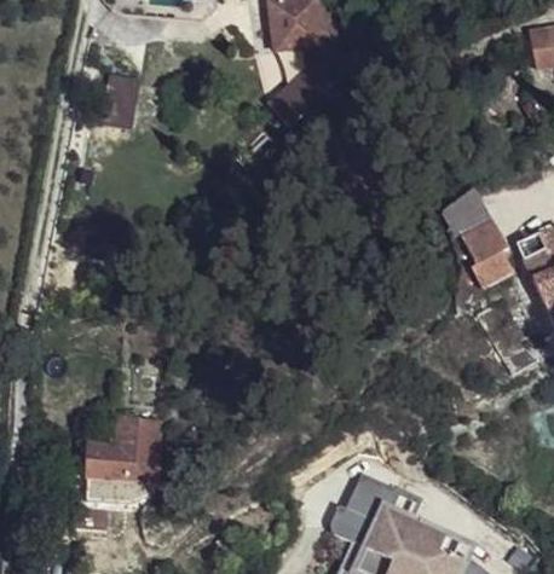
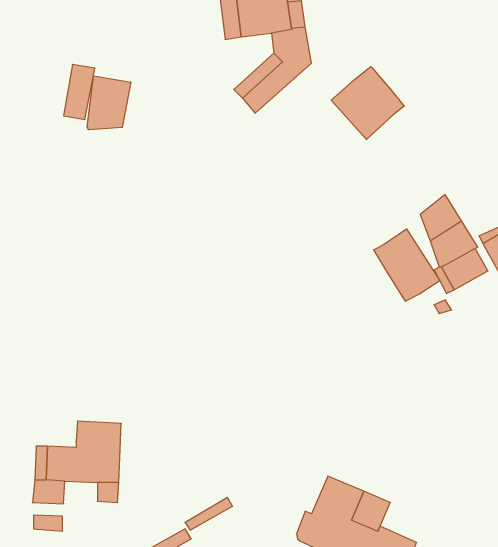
building: none -> [331,67,404,140]
building: none -> [87,76,131,130]
building: none -> [374,229,440,301]

